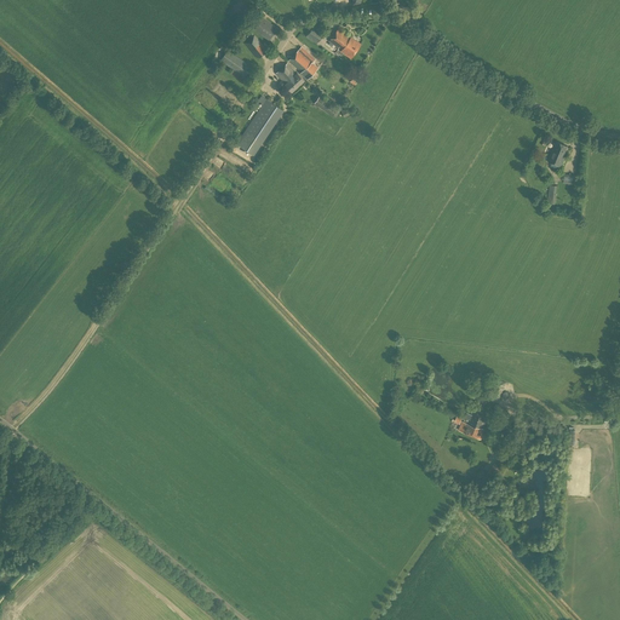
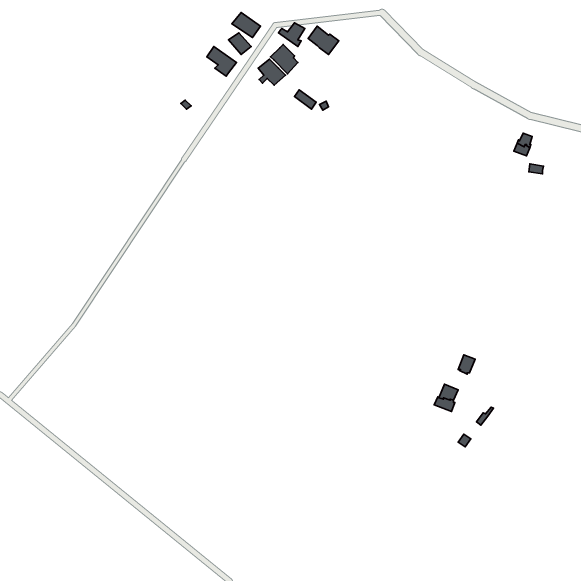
building: [236,96,283,155] -> none

